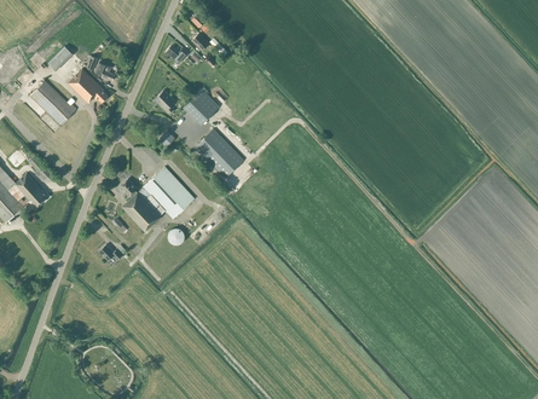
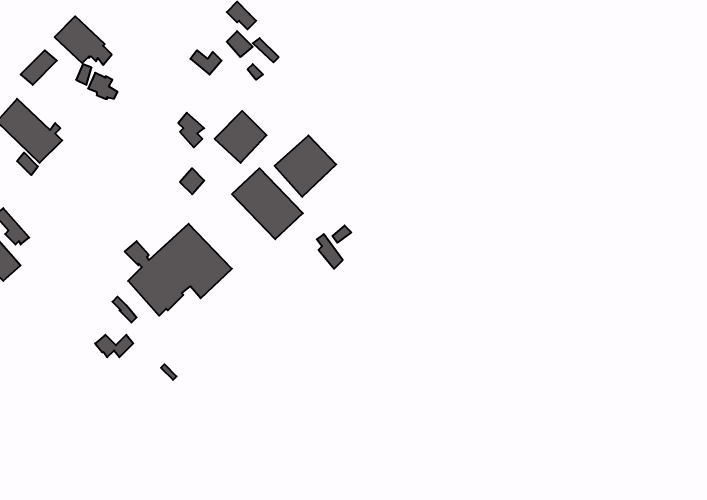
building: [66,69,106,103] -> [55,16,112,65]
building: none -> [275,135,336,197]

